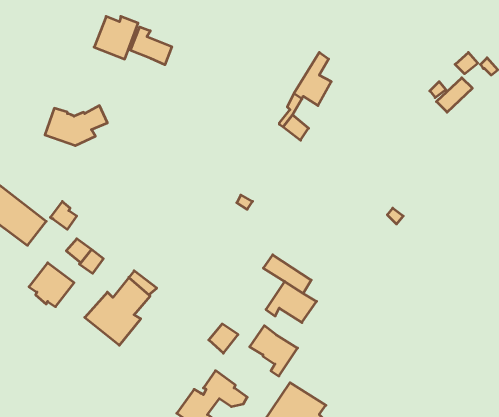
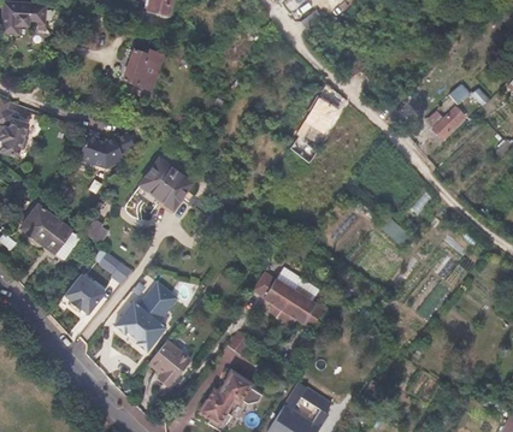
building: [131,27,172,65] -> none
building: none -> [140,158,191,208]
building: [250,326,298,376] -> [252,270,295,315]
building: none -> [148,341,190,386]

